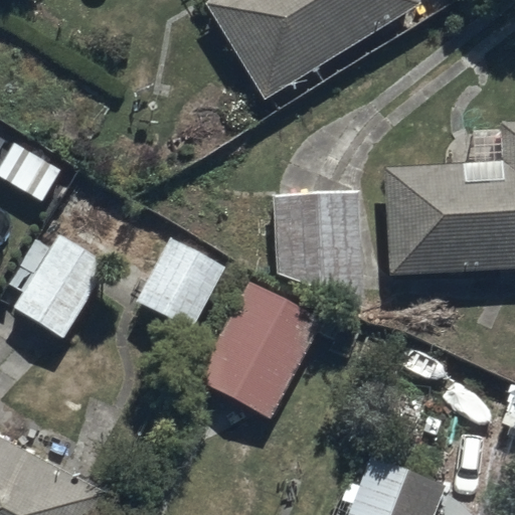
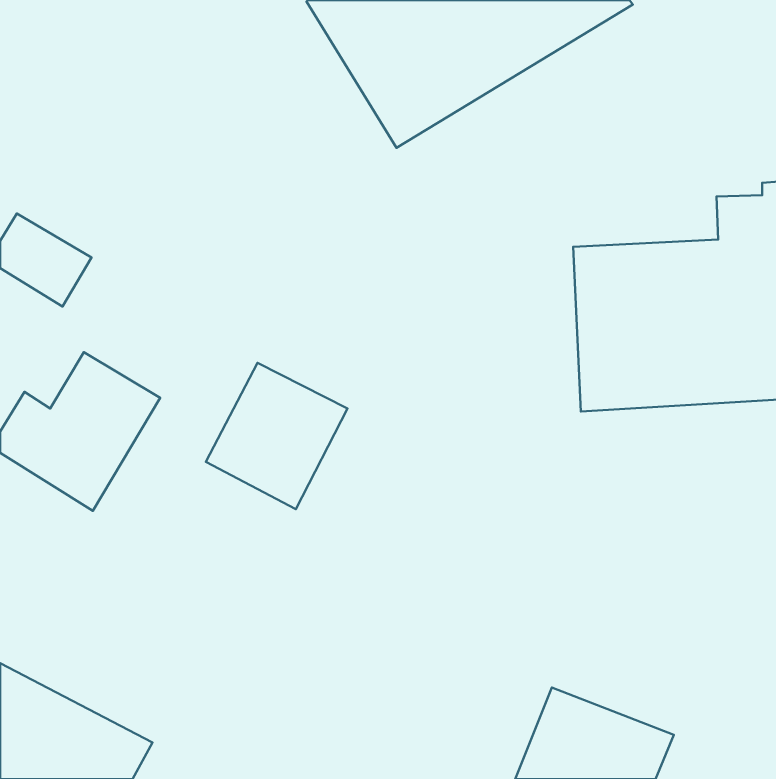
building: [272,189,361,309] -> none
building: [194,278,323,418] -> none

